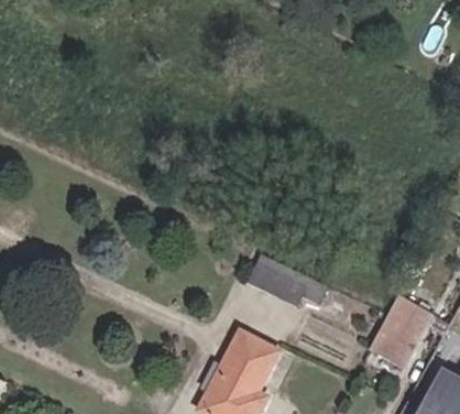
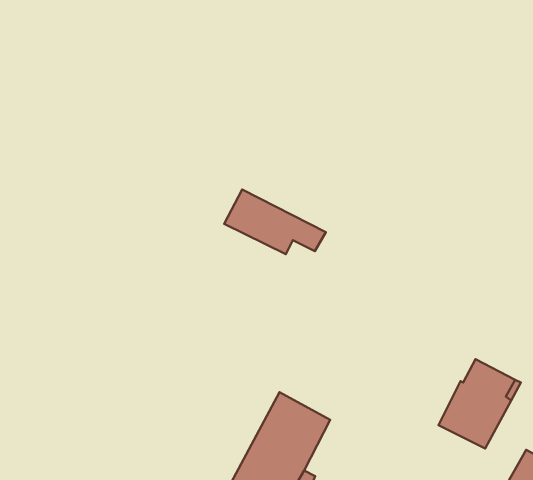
building: [248,253,329,305] -> [224,189,326,254]

